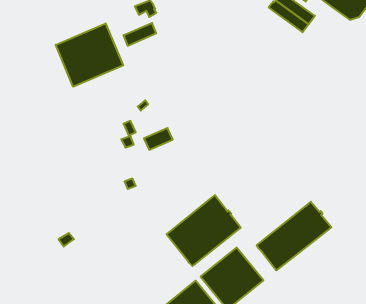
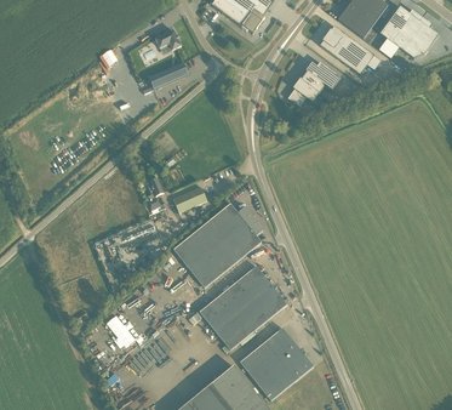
building: none -> [286,61,339,106]
building: [56,23,123,87] -> none
building: none -> [172,203,263,286]
building: [257,202,331,270] -> none

